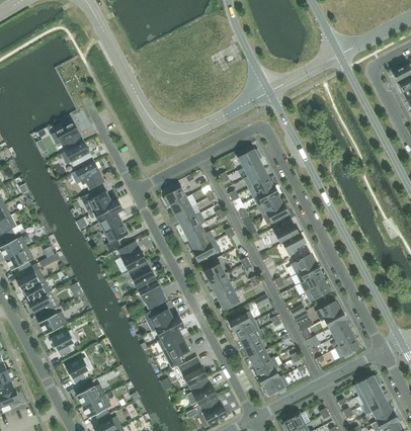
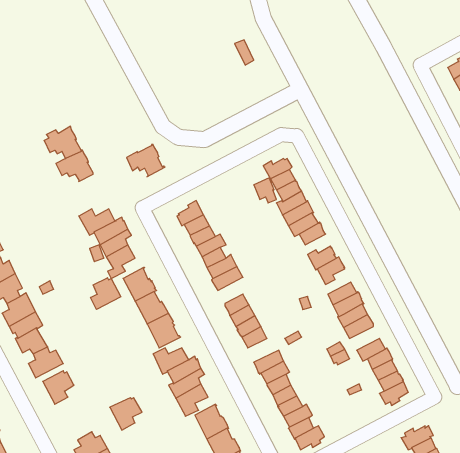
building: [72,162,104,189] -> [127,144,165,177]
building: none -> [91,278,121,309]
building: [65,357,92,384] -> [110,398,142,430]

